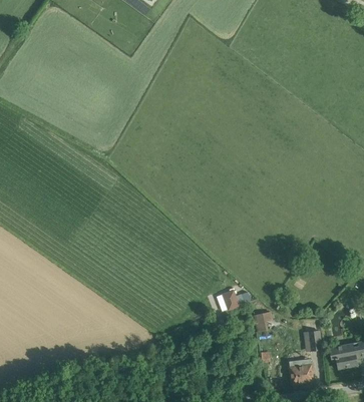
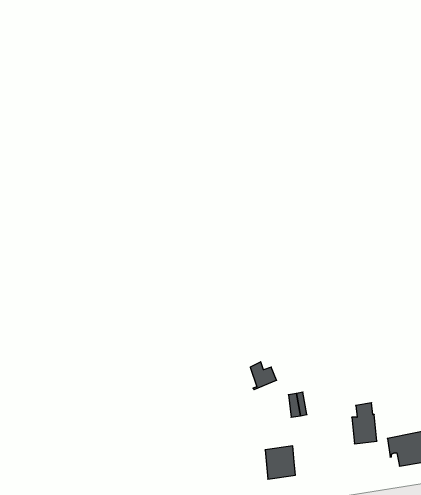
building: [290,359,313,384] -> [265,446,295,479]

